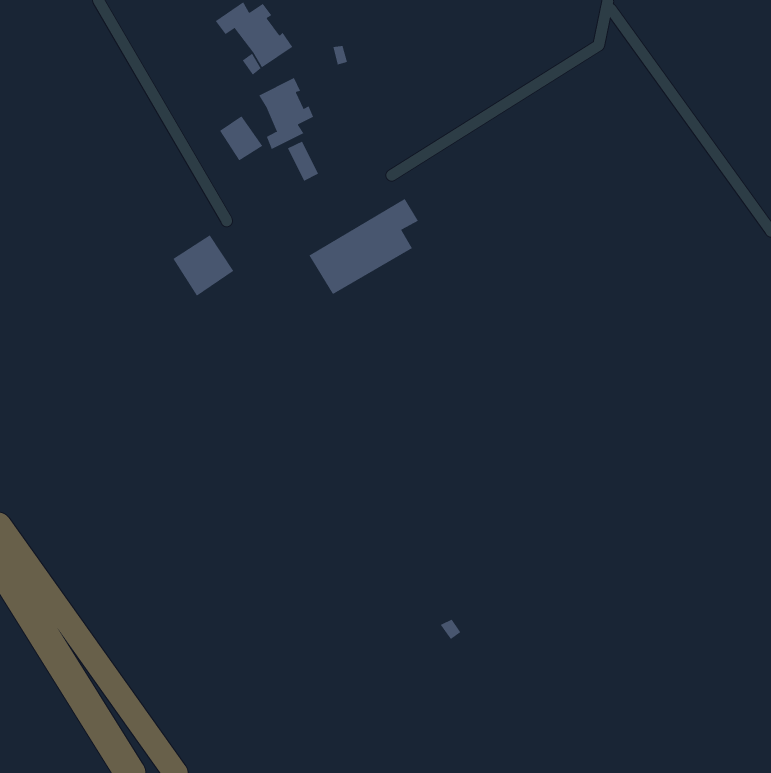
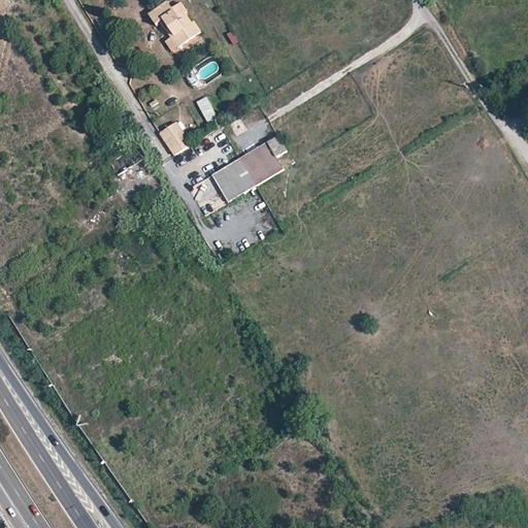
building: [259,77,314,150] -> none
building: [219,116,263,161] -> [160,126,190,157]

